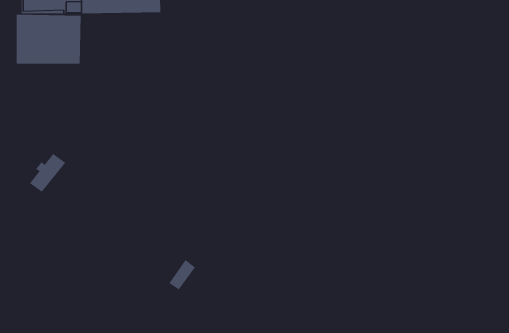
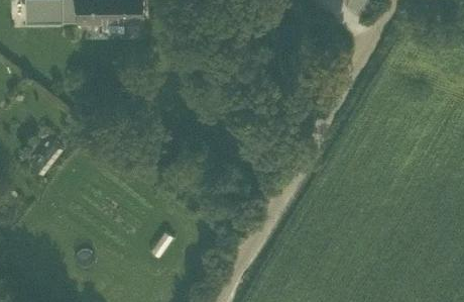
building: [16,14,81,64] -> none

